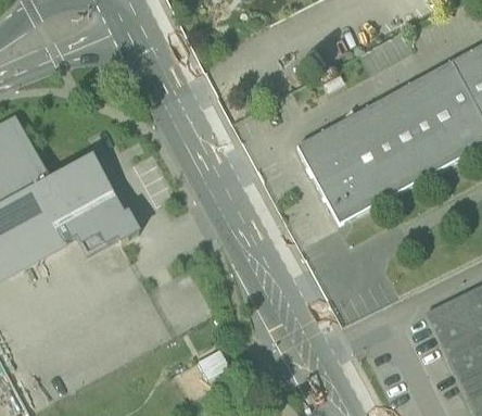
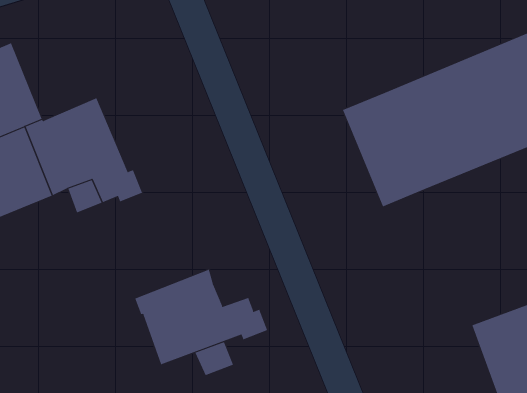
building: none -> [135,269,268,365]

